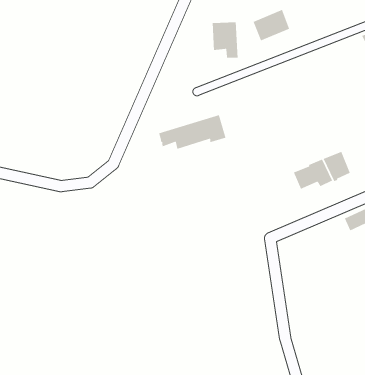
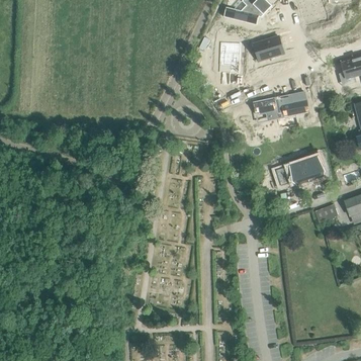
building: [158,114,226,150] -> [253,91,308,117]

